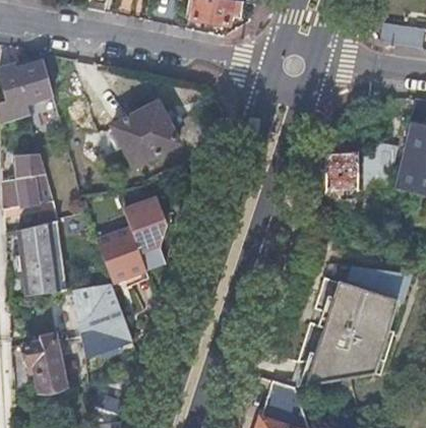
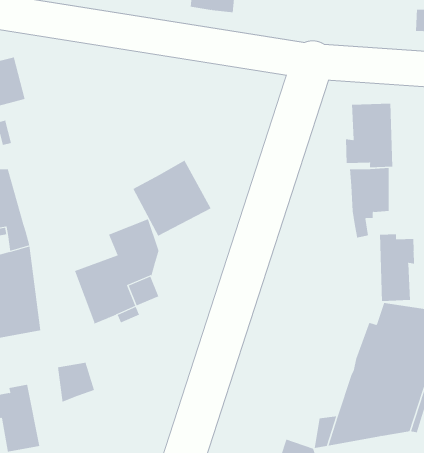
building: none -> [345,103,393,168]
building: [111,103,177,167] -> [132,160,212,236]
building: none -> [380,233,414,302]
building: [73,283,129,340] -> none

